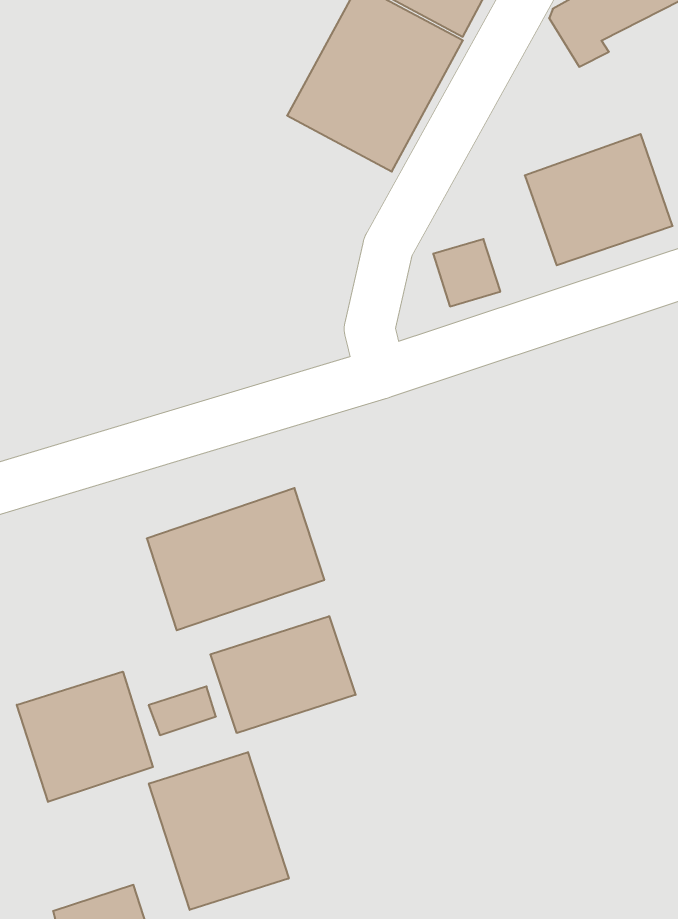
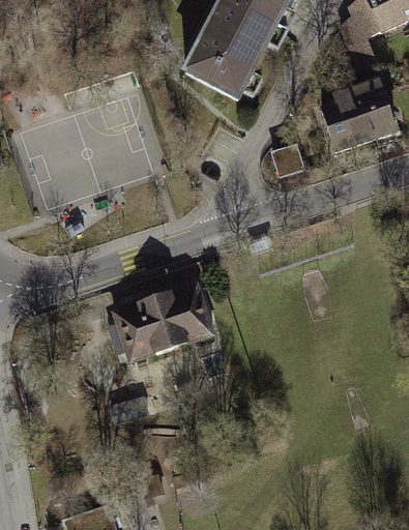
building: [210,616,356,733] -> none
building: [17,672,153,802] -> none
building: [149,752,289,910] -> none

